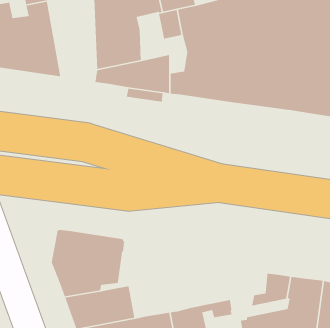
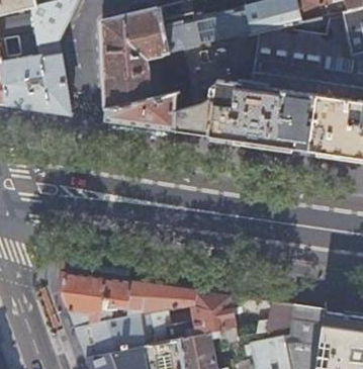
building: none -> [125,281,235,343]

